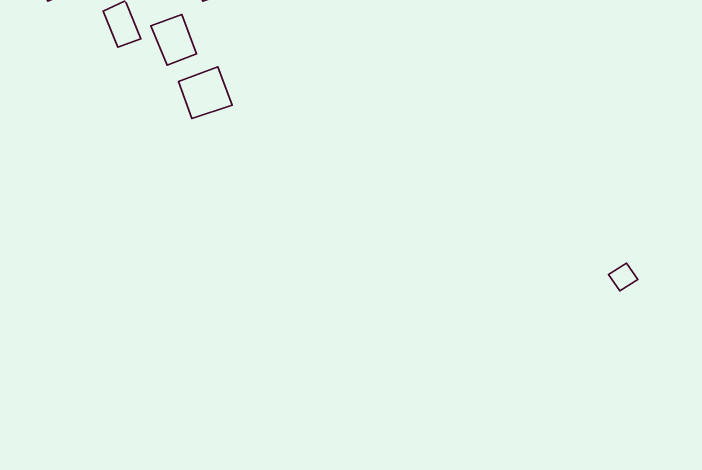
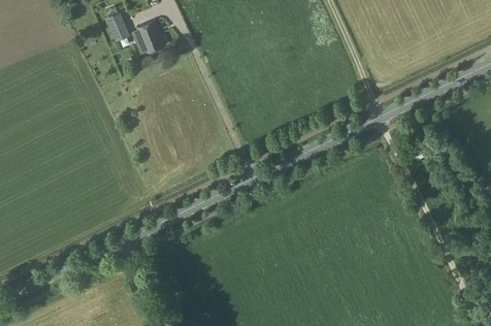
building: [179,67,232,118] -> none

